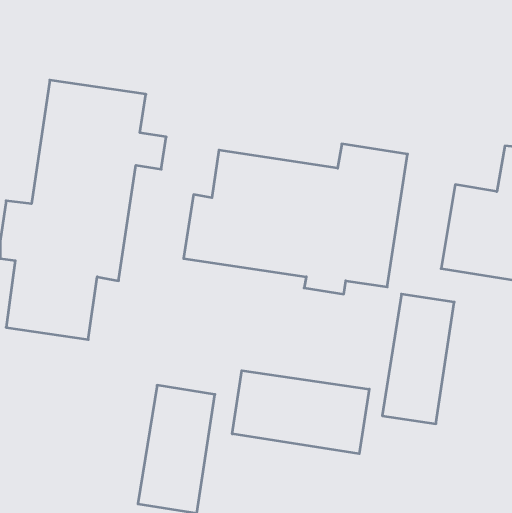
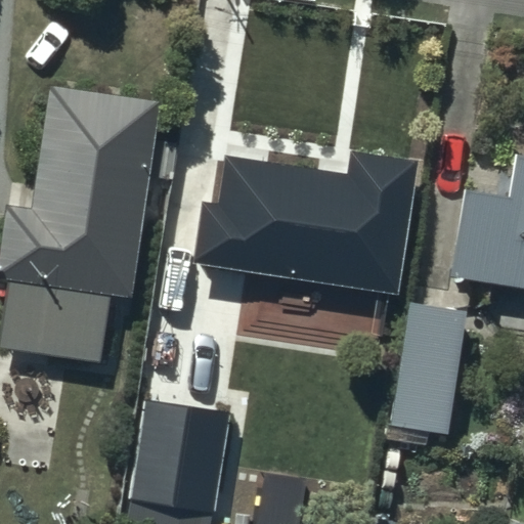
building: [232,371,369,454] -> none

